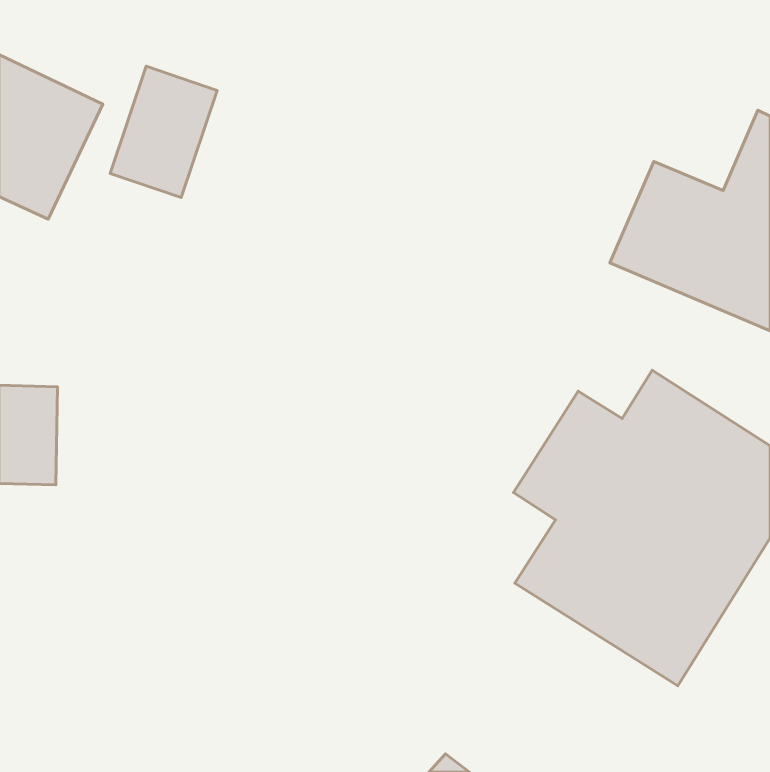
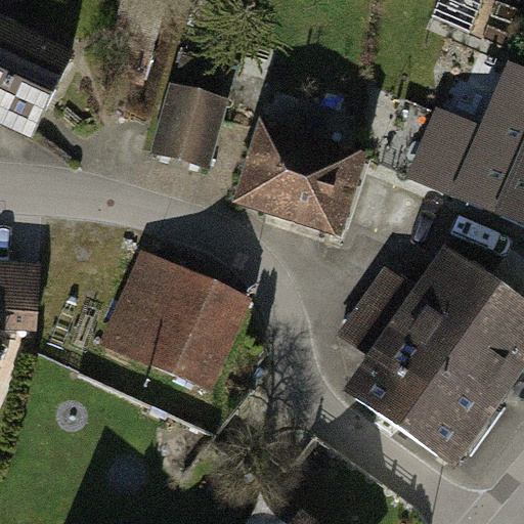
building: [110,66,217,198] -> [155,83,227,172]
building: none -> [232,118,367,241]
building: none -> [111,250,245,381]

